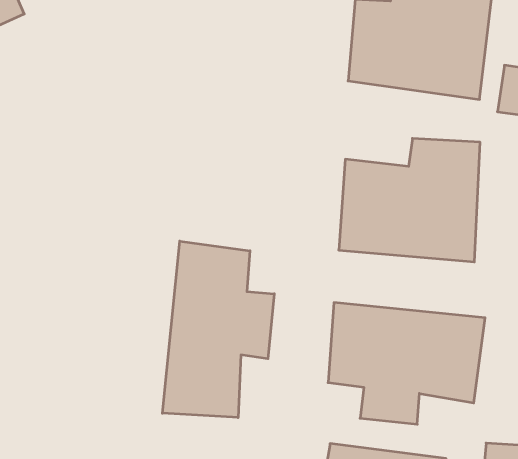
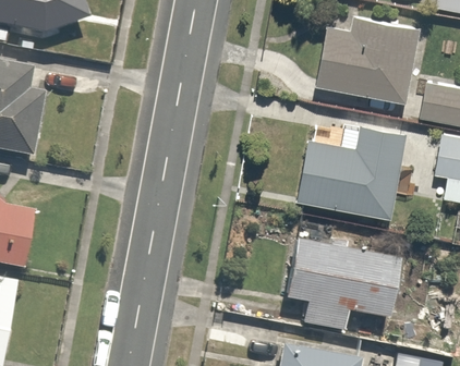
building: [162,241,274,418] -> none

